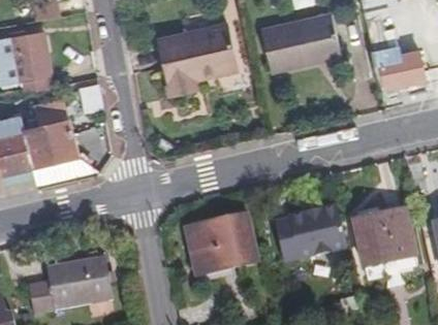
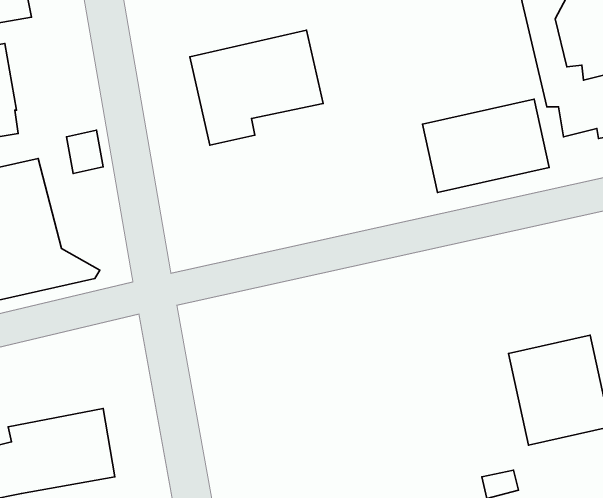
building: [263,11,342,69] -> [422,99,549,192]
building: [274,202,347,261] -> none
building: [187,217,256,275] -> none

